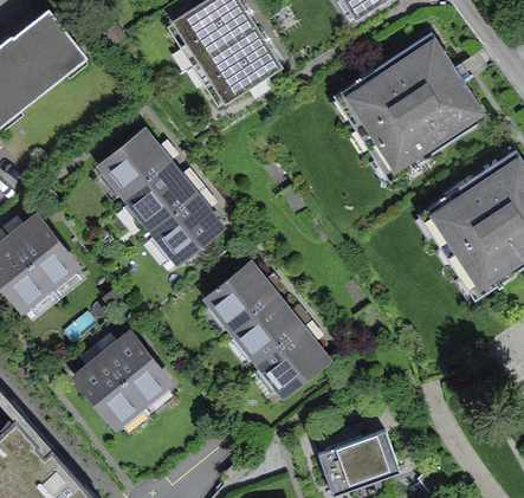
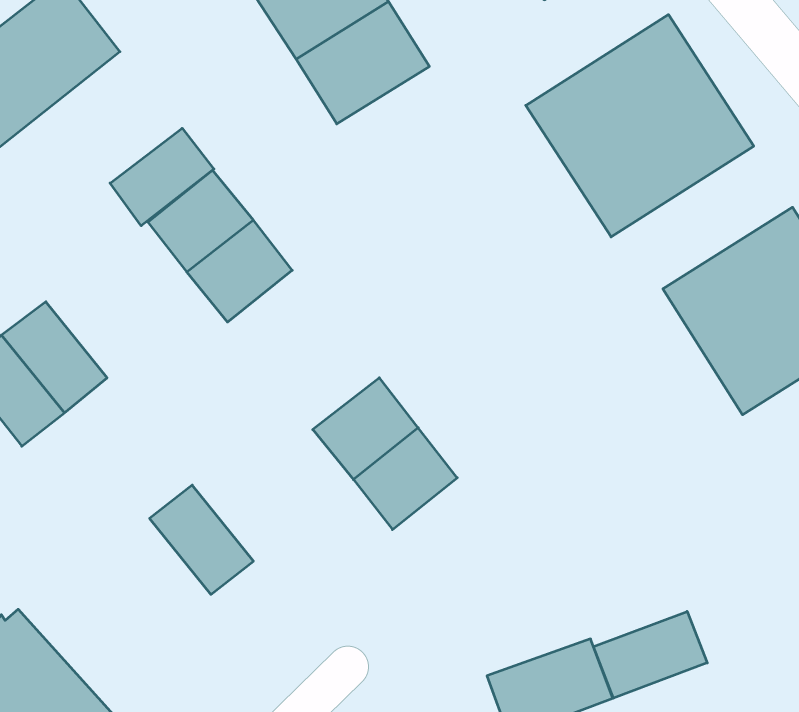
building: none -> [110,128,214,226]
building: [153,196,220,261] -> none
building: [258,329,325,394] -> none
building: [76,355,142,425] -> none
building: none -> [594,611,707,698]

